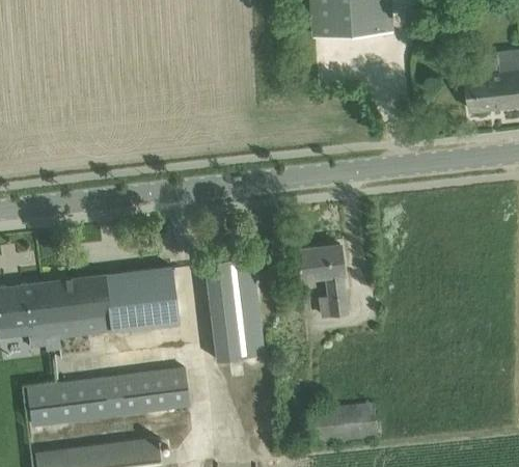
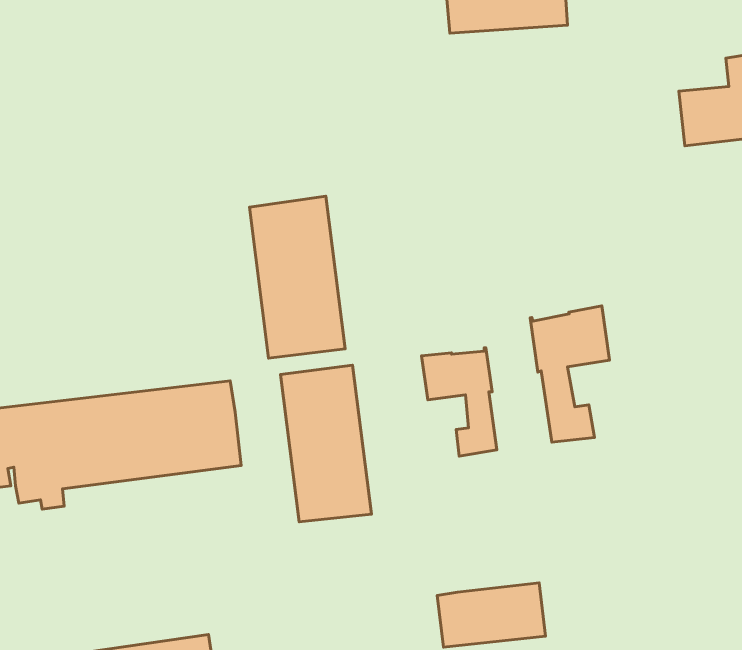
building: none -> [250,196,345,358]
building: none -> [530,306,610,442]
building: [28,366,190,425] -> none

